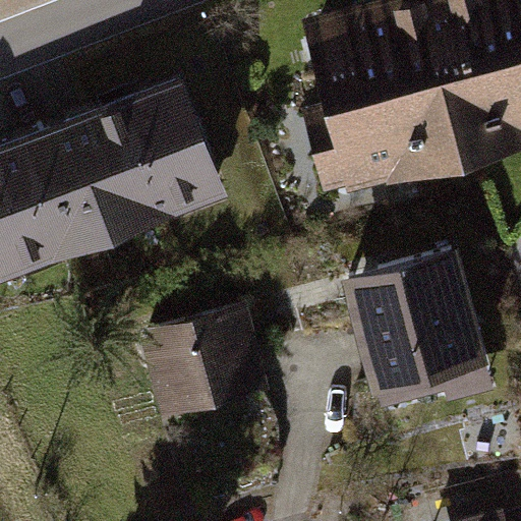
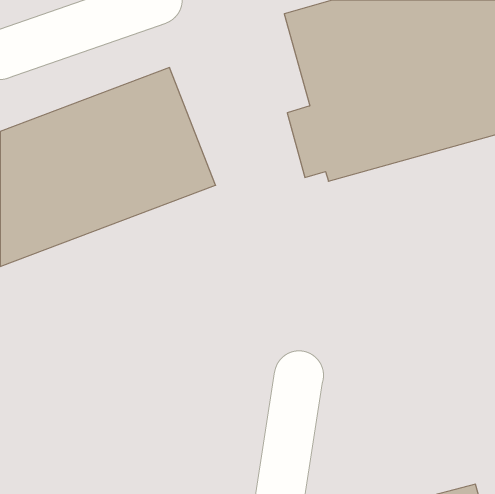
building: [341,252,487,399] -> none
building: [137,306,268,419] -> none

